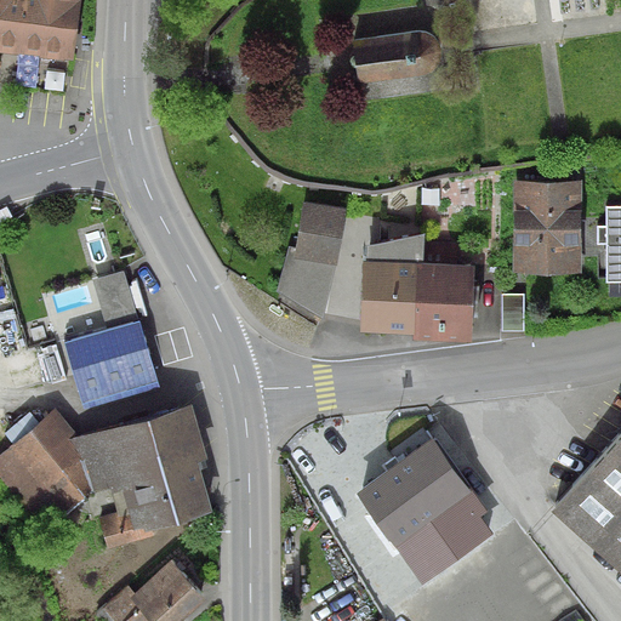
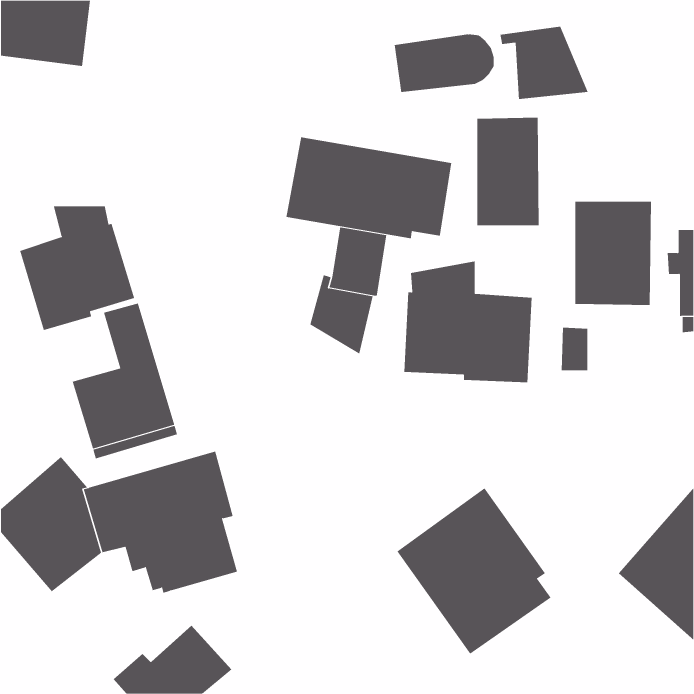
building: none -> [500,26,589,100]
building: none -> [477,117,539,226]
building: none -> [286,137,452,239]
building: none -> [20,206,135,331]
building: [98,507,154,549] -> none

